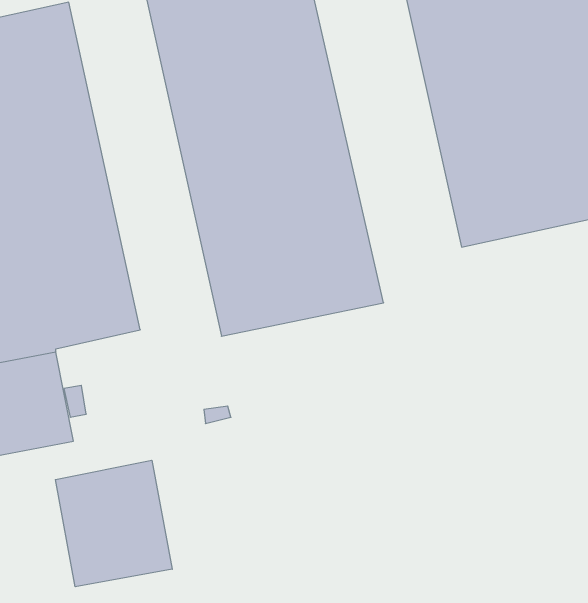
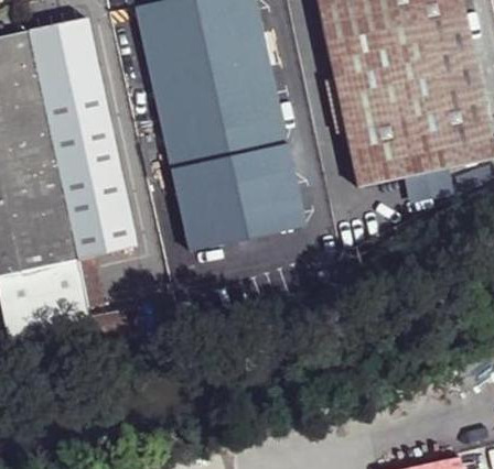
building: [55,460,172,587] -> none

